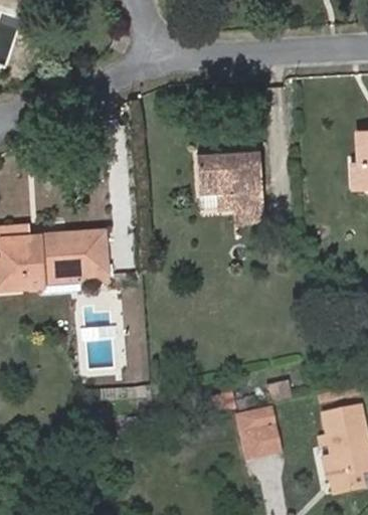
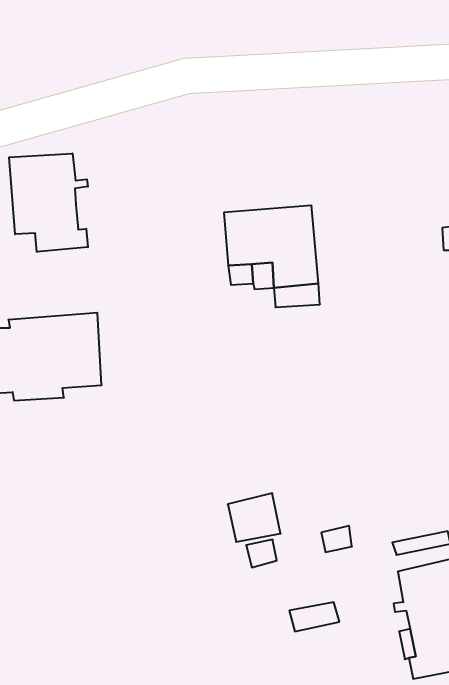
building: none -> [9,153,88,252]
building: [237,407,275,443] -> [228,493,281,542]

